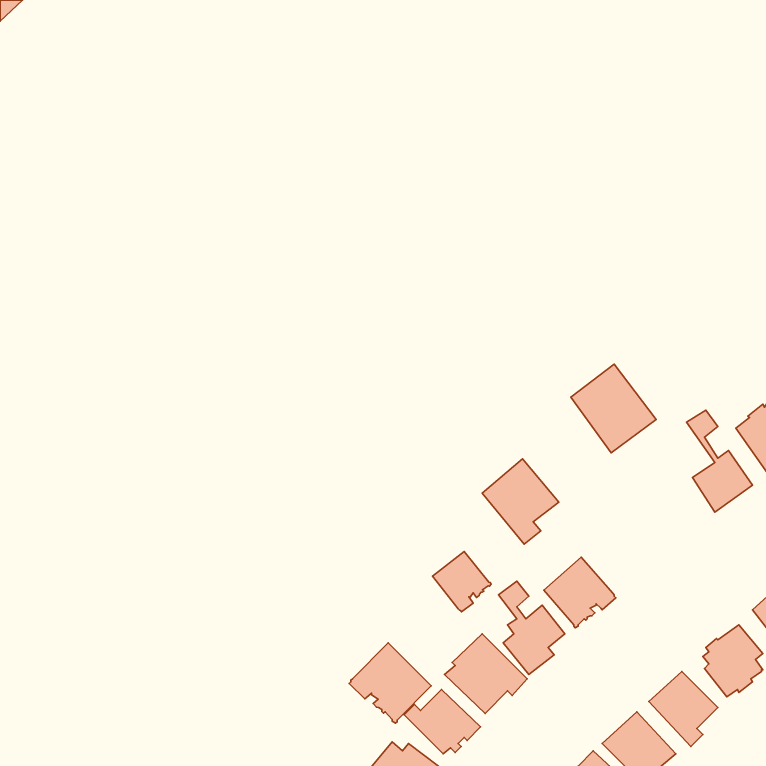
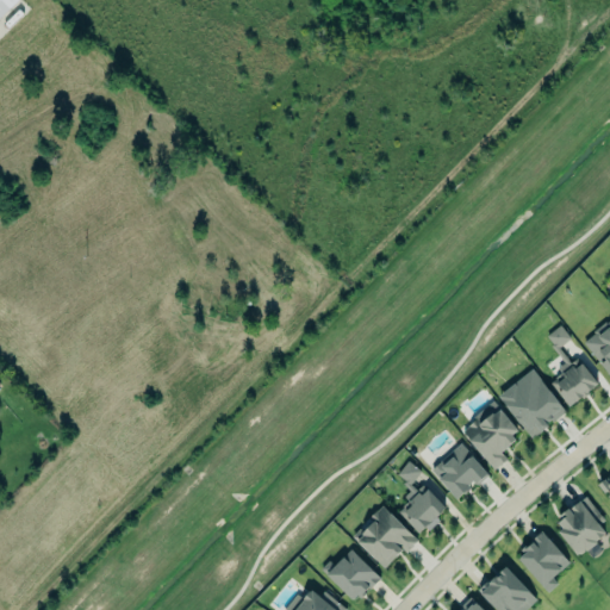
building: [571,364,656,453] -> [499,369,567,440]
building: [482,459,559,544] -> [461,403,522,471]
building: [433,551,491,612] -> none
building: [349,643,431,723] -> none

